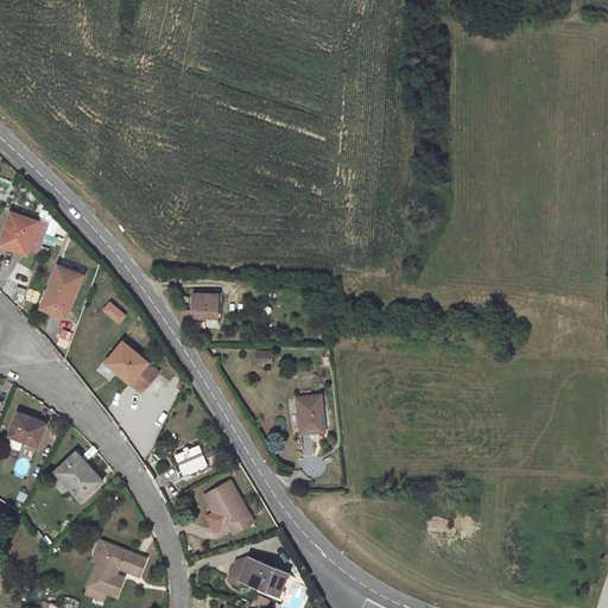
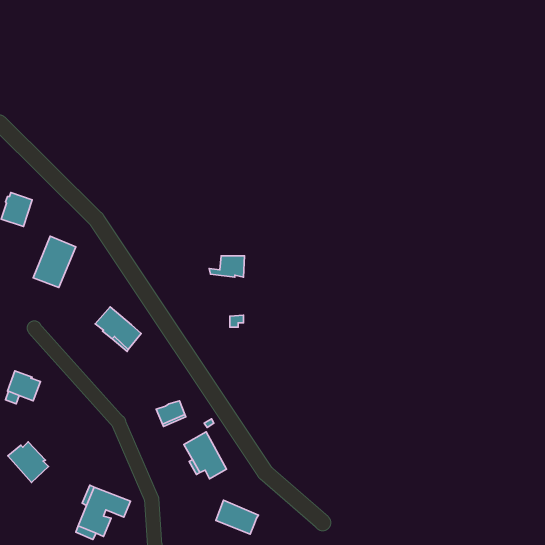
building: [179,294,218,318] -> [209,256,245,277]
building: [296,394,324,433] -> none
building: [55,455,100,500] -> [8,442,49,483]

